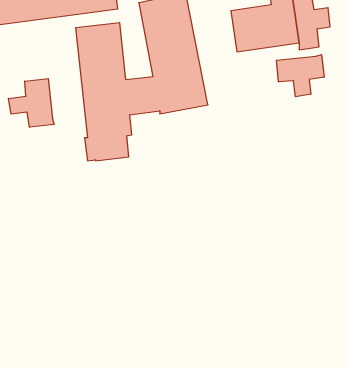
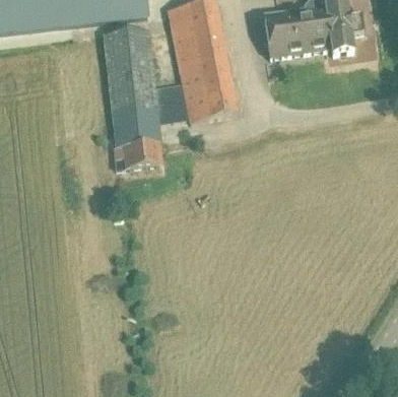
building: [276,55,324,97] -> none
building: [8,79,54,127] -> none

